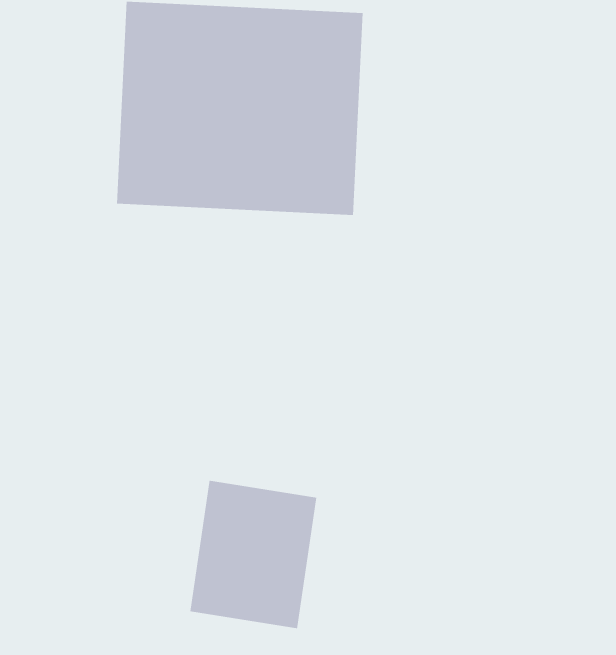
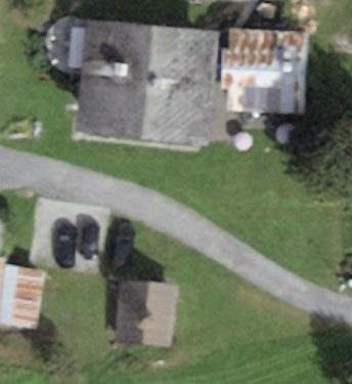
building: none -> [228,29,308,118]

